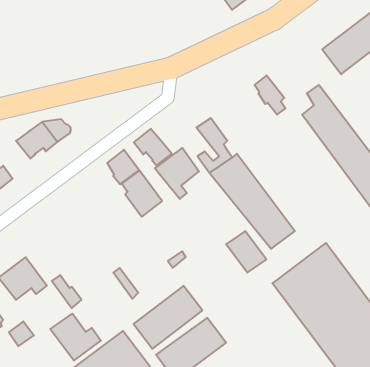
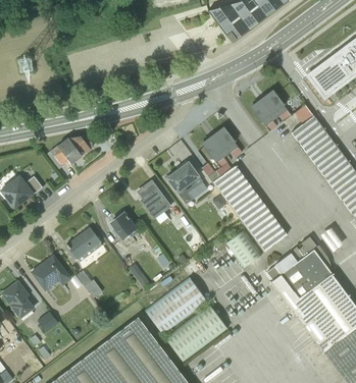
building: none -> [260,89,290,120]
building: none -> [212,125,241,157]
building: [134,129,172,166] -> none
building: [107,150,139,184] -> [109,210,137,239]
building: none -> [66,226,101,261]
building: [50,314,101,361] -> none

